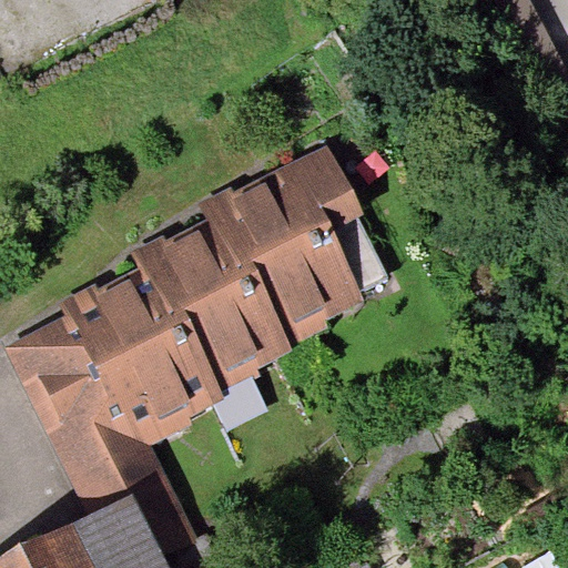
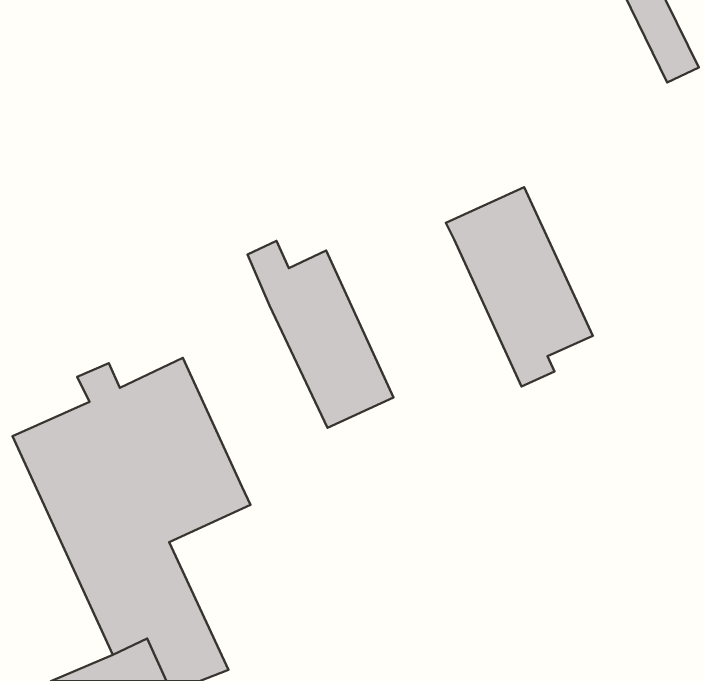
building: [256,160,375,321] -> [446,187,593,387]
building: [132,242,270,393] -> none

